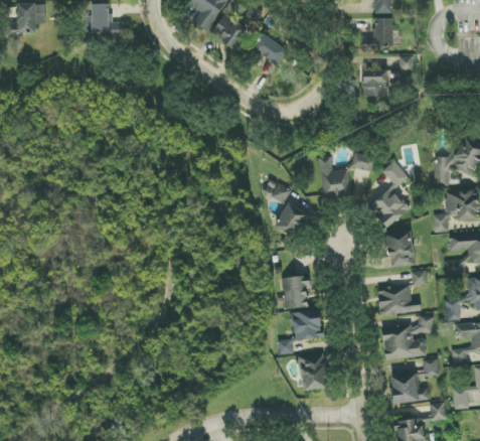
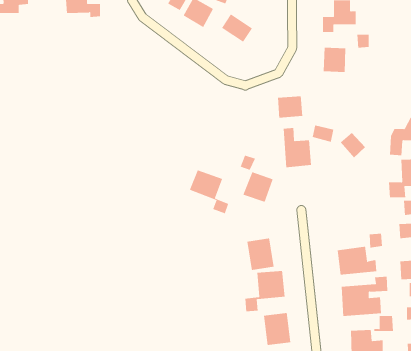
building: none -> [277,95,303,118]
building: [368,188,409,229] -> none
building: none -> [189,170,229,214]
building: [385,231,415,268] -> none

